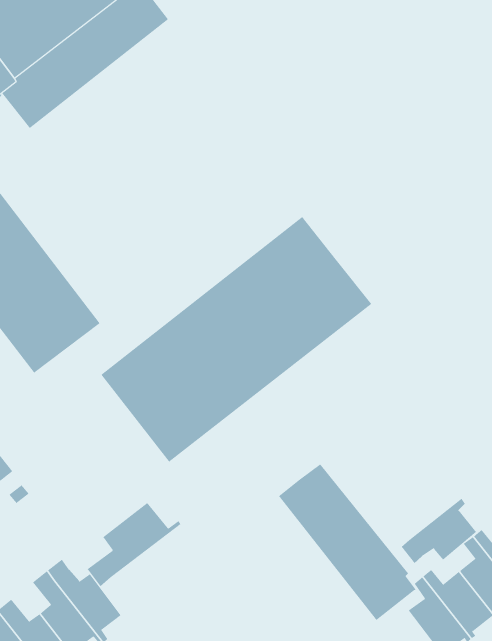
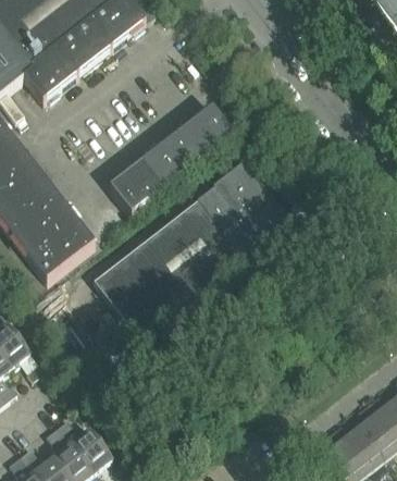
building: none -> [109,103,233,212]
building: [278,463,417,621] -> none
building: [401,498,477,564] -> none
building: [87,502,181,587] -> none

